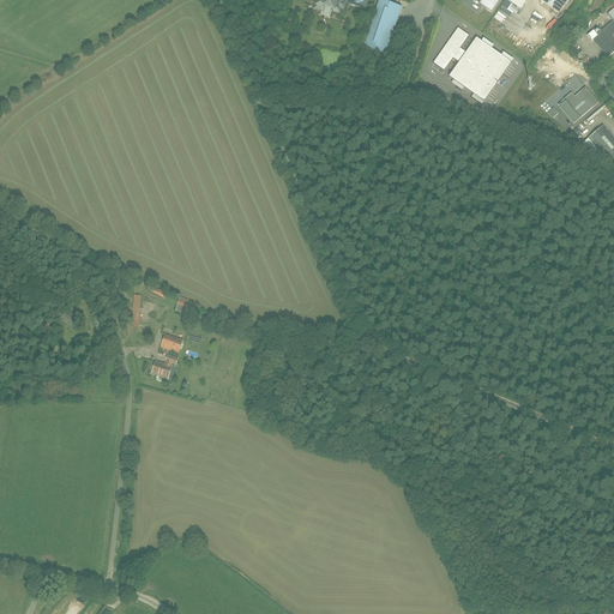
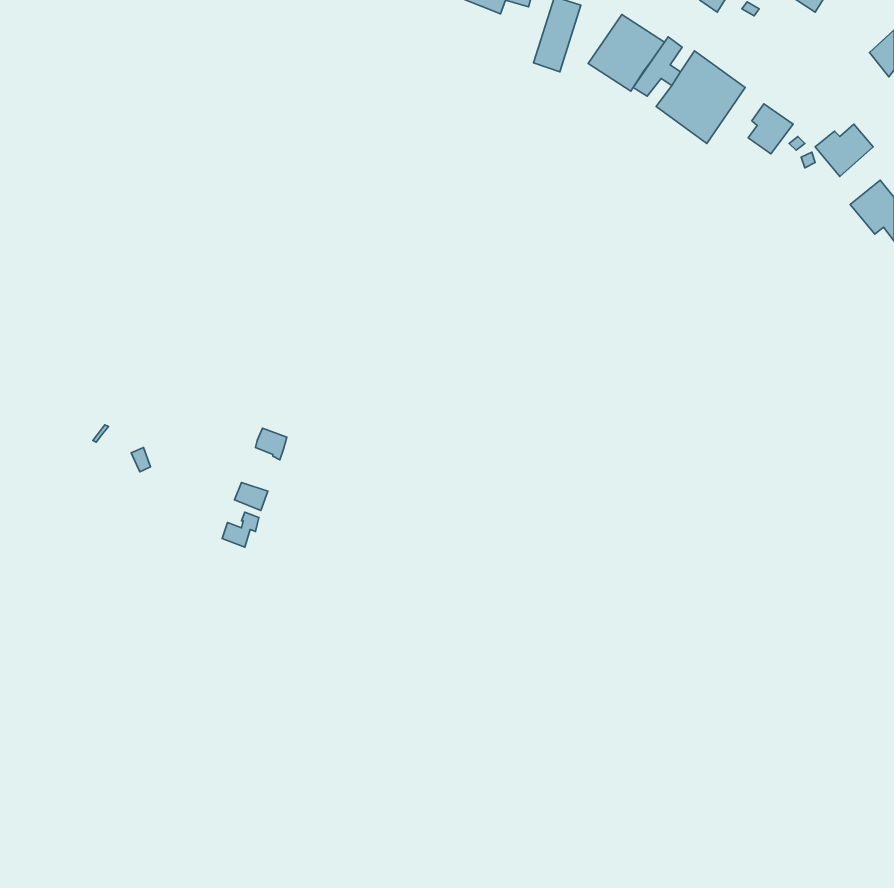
building: none -> [588,14,665,91]
building: none -> [748,104,793,154]

